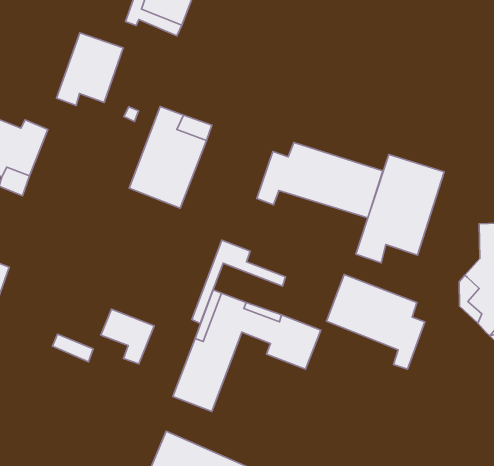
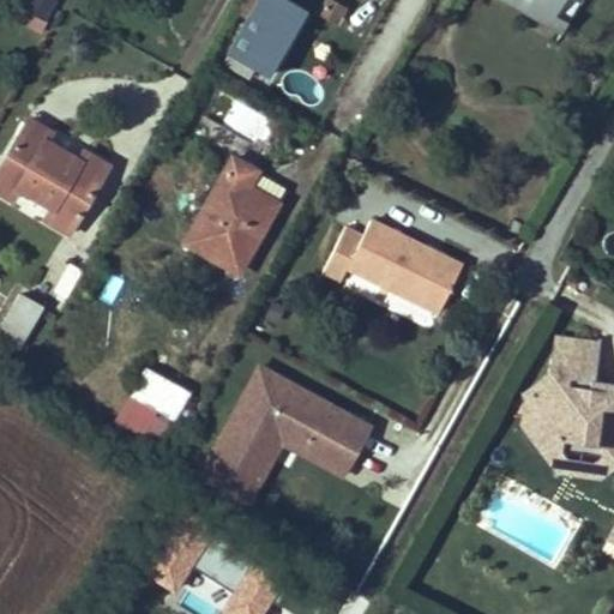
building: [56,33,123,106] -> none
building: [356,154,444,263] -> none
building: [192,240,285,324] -> [240,416,348,502]
building: [326,275,425,369] -> none

